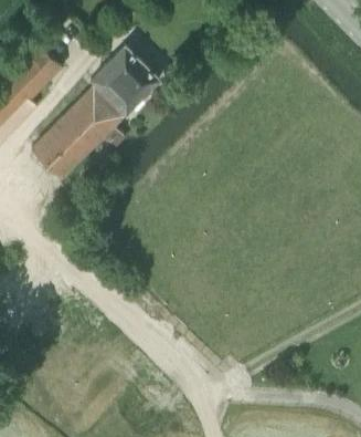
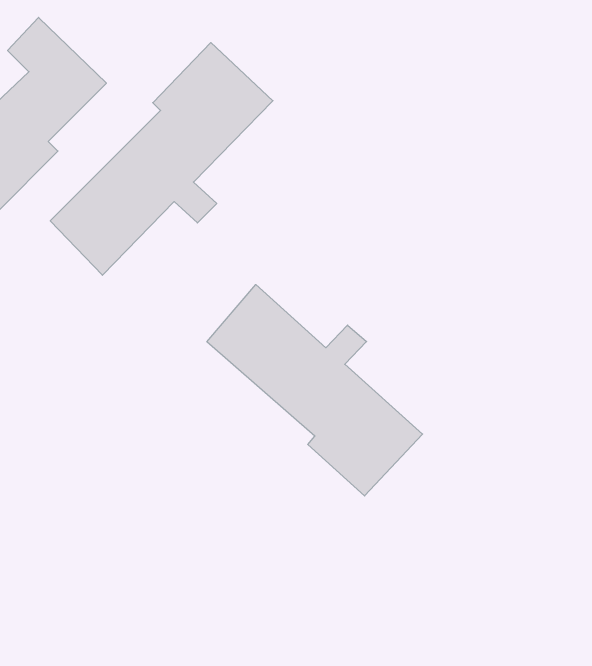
building: none -> [207,285,423,496]

